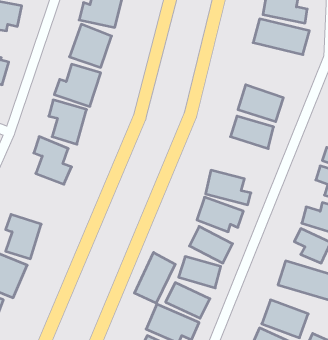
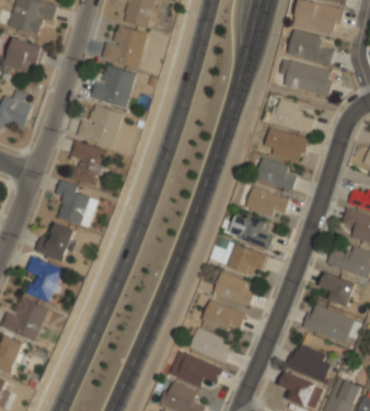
building: none -> [270,95,314,132]
building: none -> [245,184,289,218]
building: none -> [35,222,74,261]
building: [134,252,175,303] -> none

